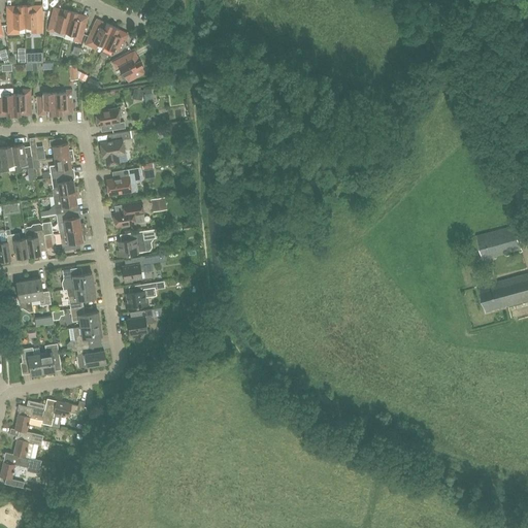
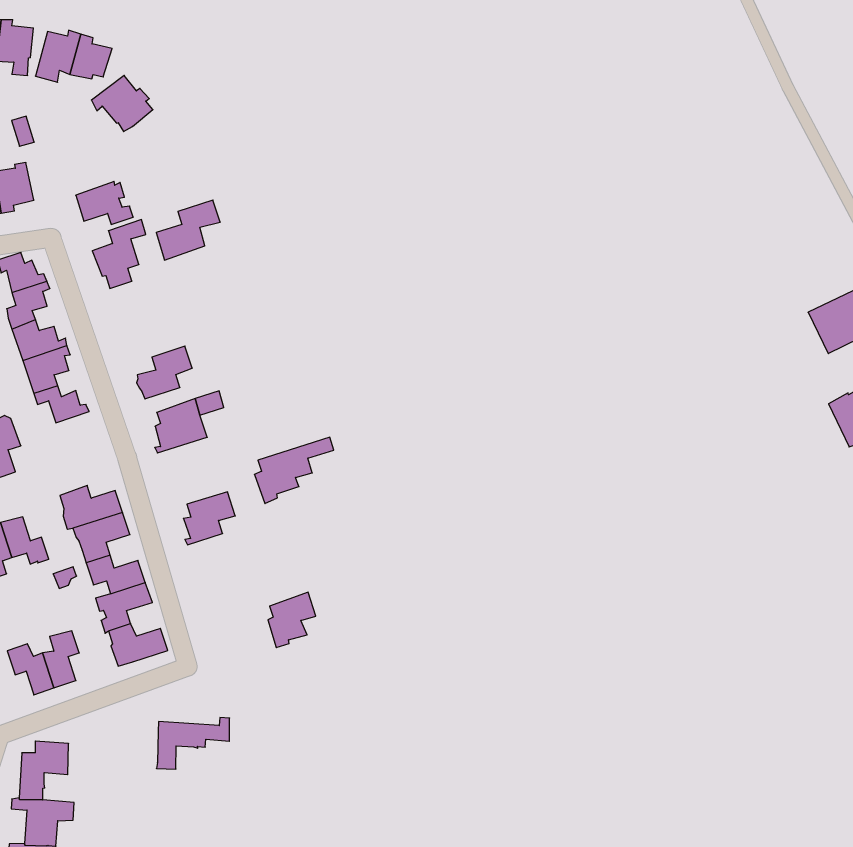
building: [106,167,141,195] -> [156,200,220,260]
building: [60,228,86,251] -> none
building: [122,253,166,283] -> [254,437,334,504]
building: [128,308,154,335] -> [268,592,316,648]
building: [41,398,85,425] -> [156,718,230,769]

